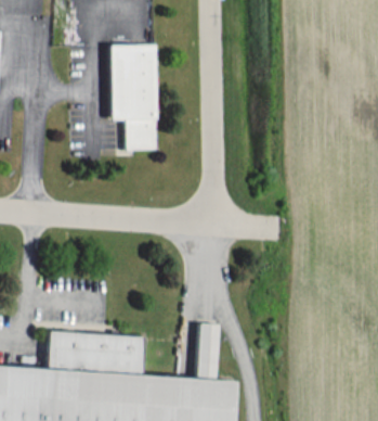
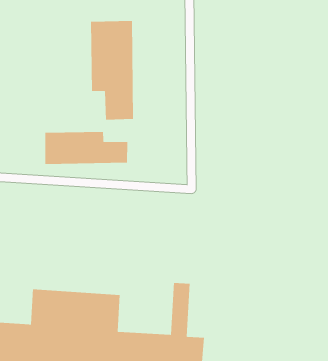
building: none -> [45,131,128,165]

